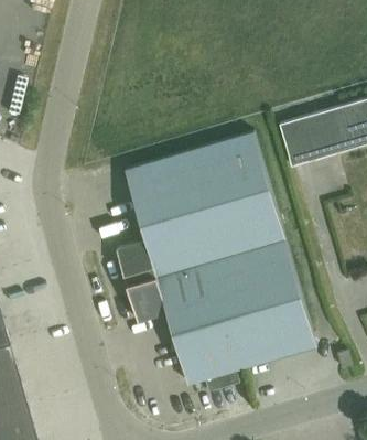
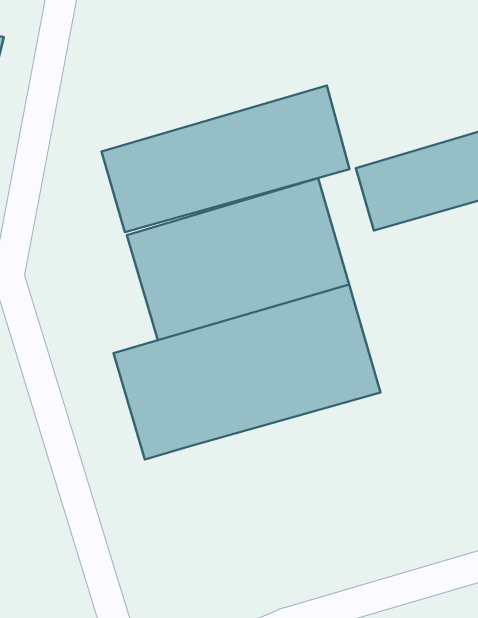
building: none -> [102,86,350,232]
building: [166,276,316,384] -> none

